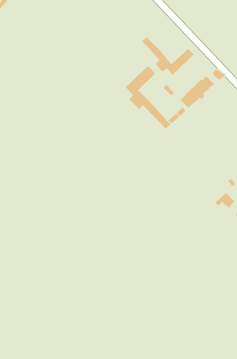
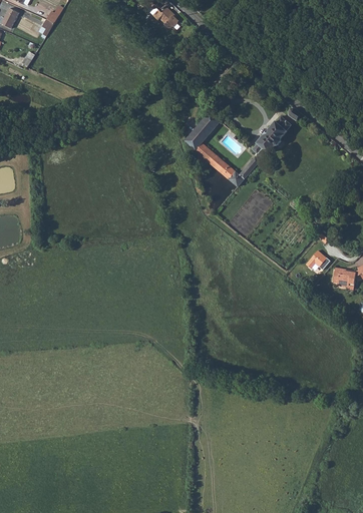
building: [142,36,195,75] -> none

